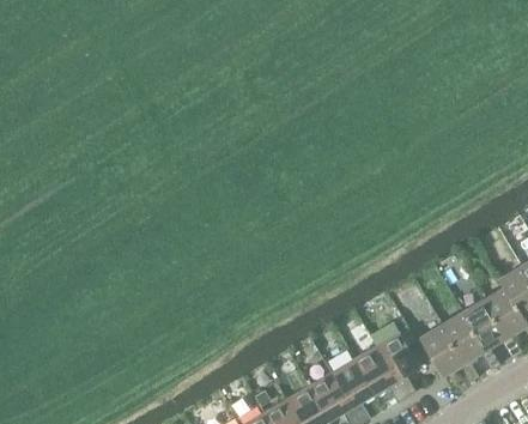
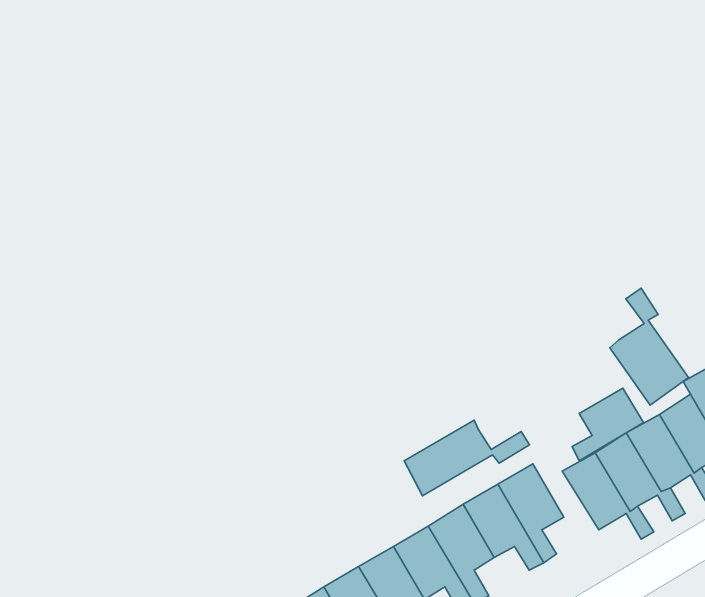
building: none -> [610,288,689,405]
building: none -> [572,388,643,461]
building: none -> [404,420,529,496]

